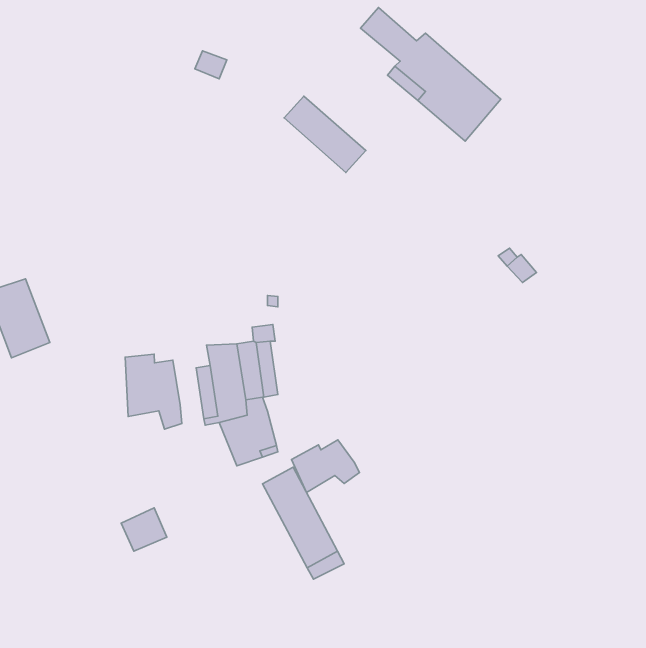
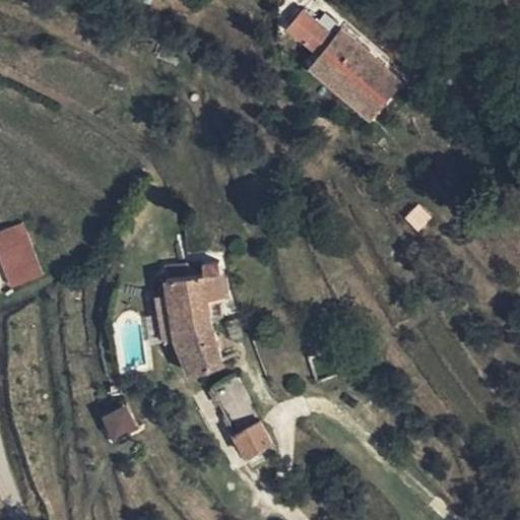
building: [284,96,366,172] -> none
building: [125,354,182,429] -> none
building: [292,440,360,493] -> none

